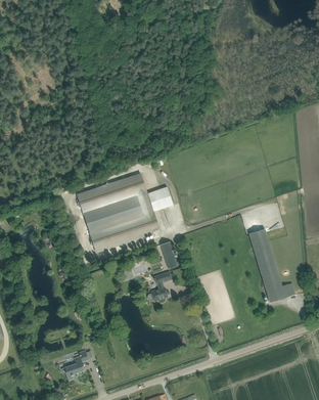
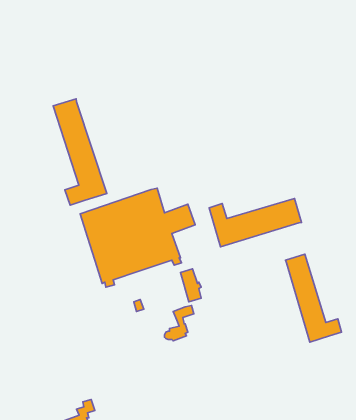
building: none -> [53,99,107,205]
building: none -> [209,198,302,247]

